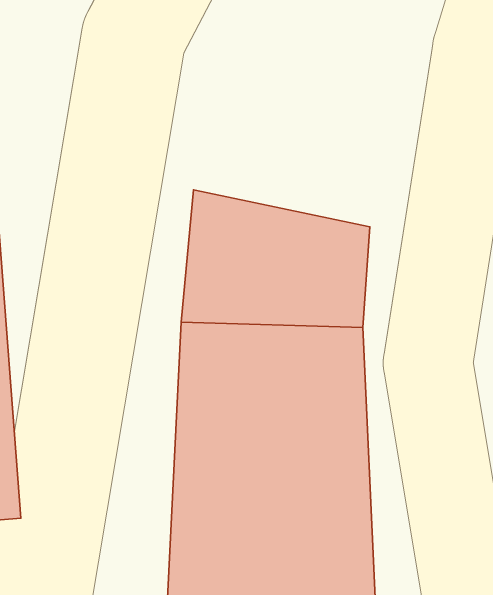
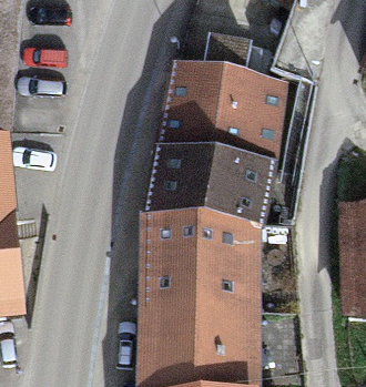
building: none -> [151,58,277,154]

